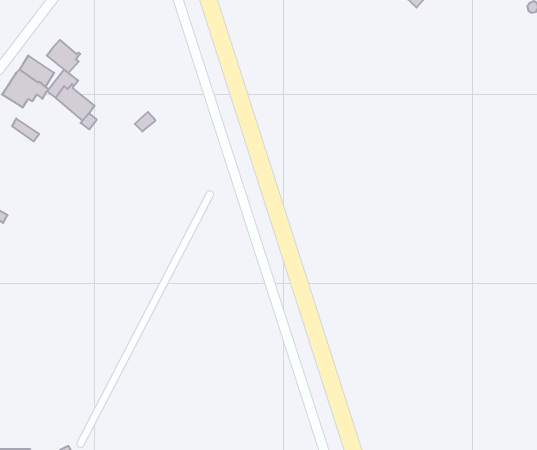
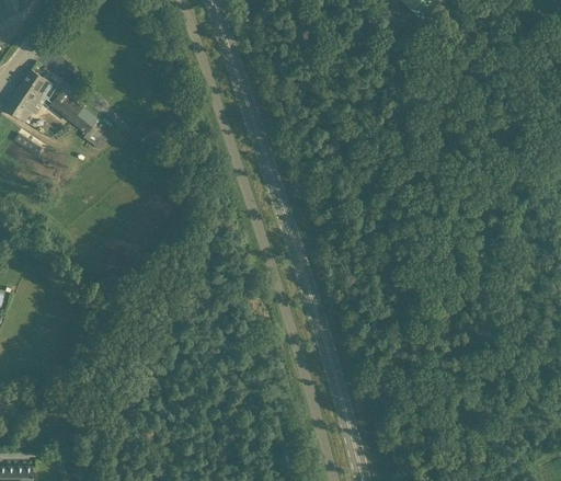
building: [47,40,80,73] -> none

